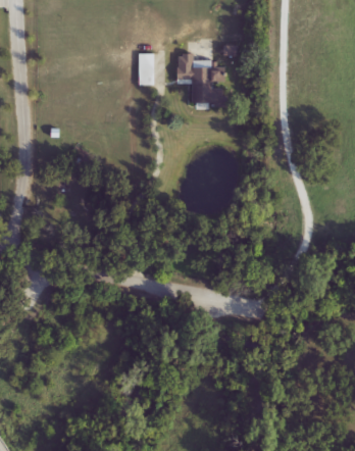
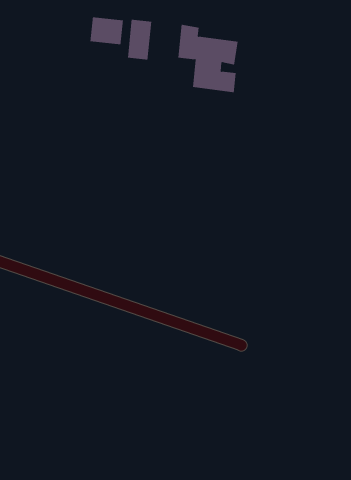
building: none -> [90,17,124,45]

